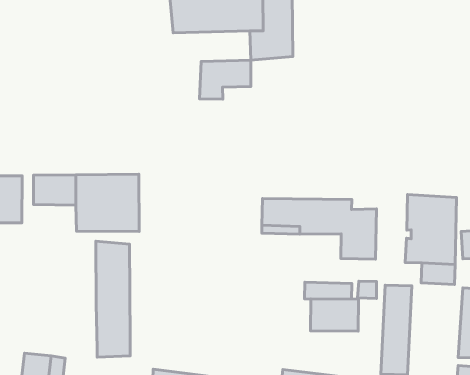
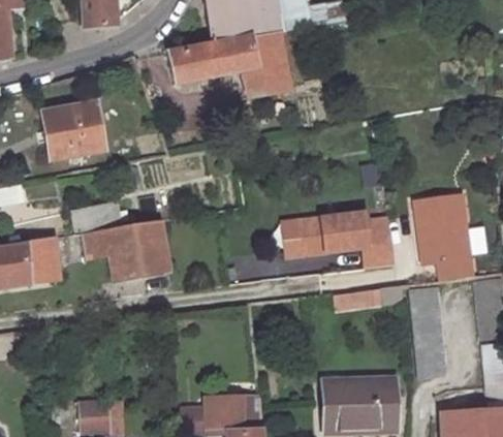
building: none -> [44,101,105,159]
building: [200,60,251,99] -> none
building: [96,241,130,357] -> none
building: [310,299,358,331] -> none

